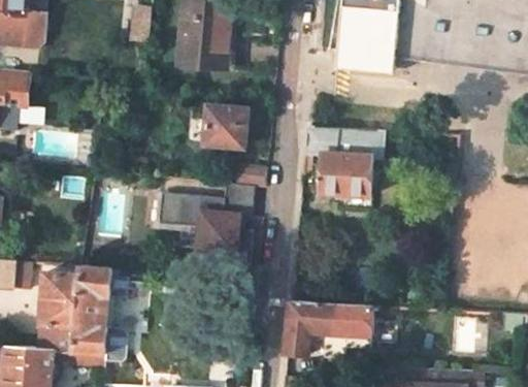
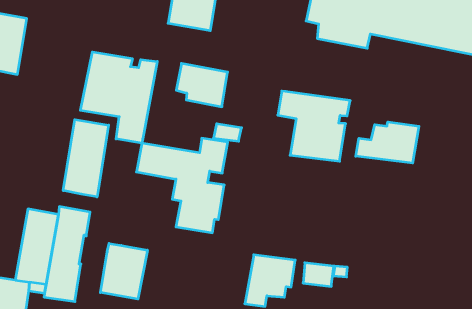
building: none -> [80,52,157,143]
building: none -> [356,122,419,163]
building: none -> [63,120,109,197]
building: none -> [100,243,147,299]

